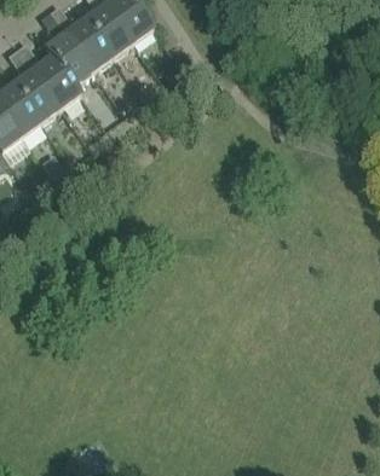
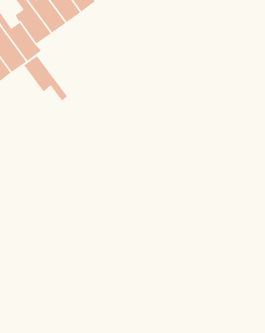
building: none -> [23,55,68,101]

